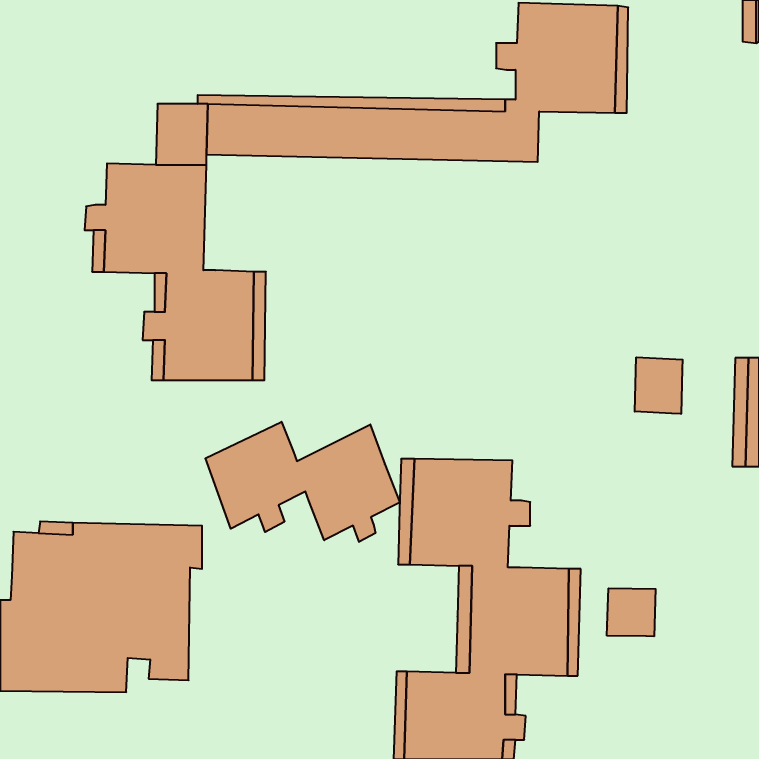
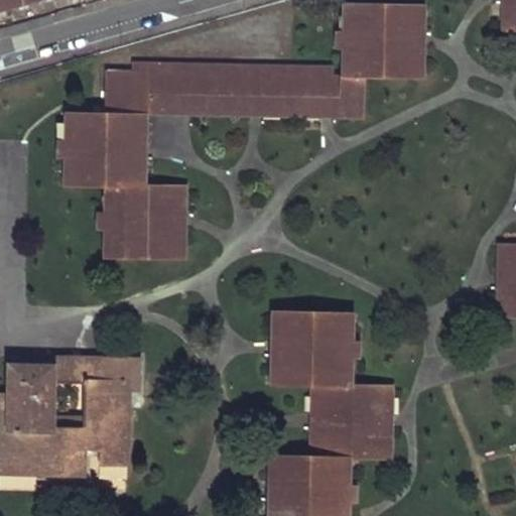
building: none -> [138,105,365,183]
building: [635,357,683,414] -> none
building: [205,422,400,542] -> none
building: [607,588,656,636] -> none

